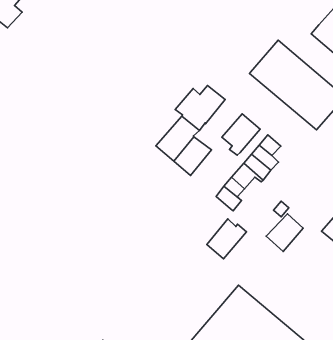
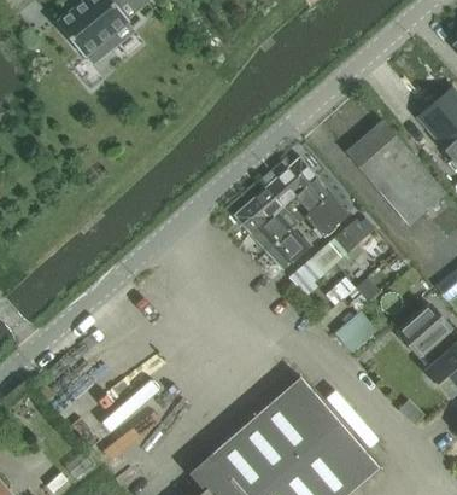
building: none -> [287,175,332,221]
building: [207,219,247,259] -> [266,227,311,269]

